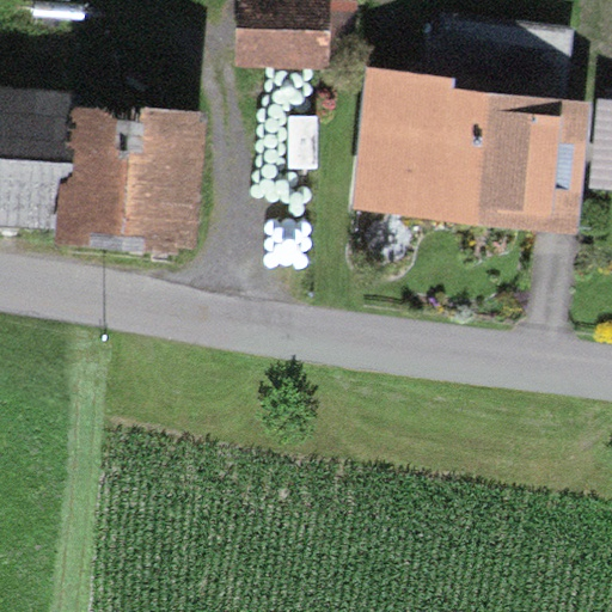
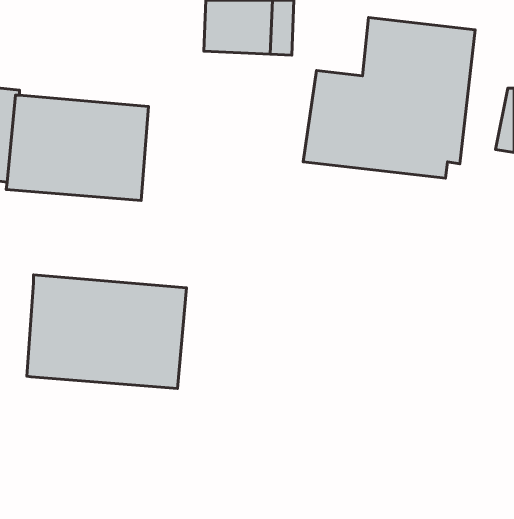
building: none -> [27,275,187,389]

